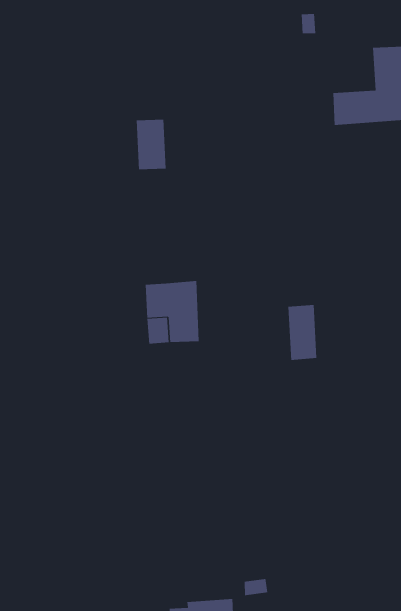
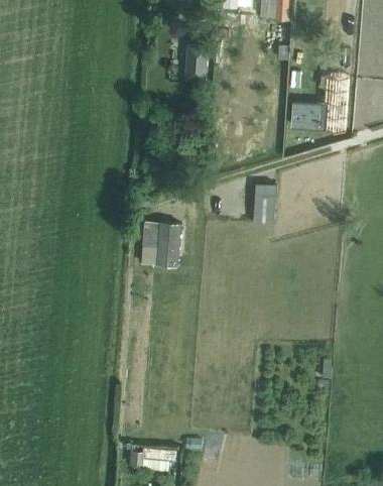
building: [136,119,167,170] -> [183,43,207,81]
building: [288,304,317,360] -> [252,184,274,223]

